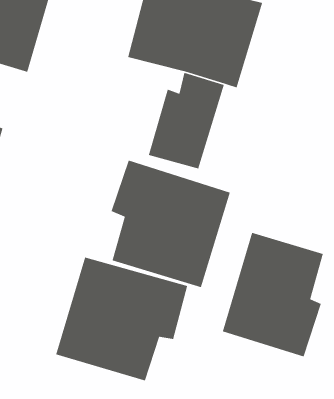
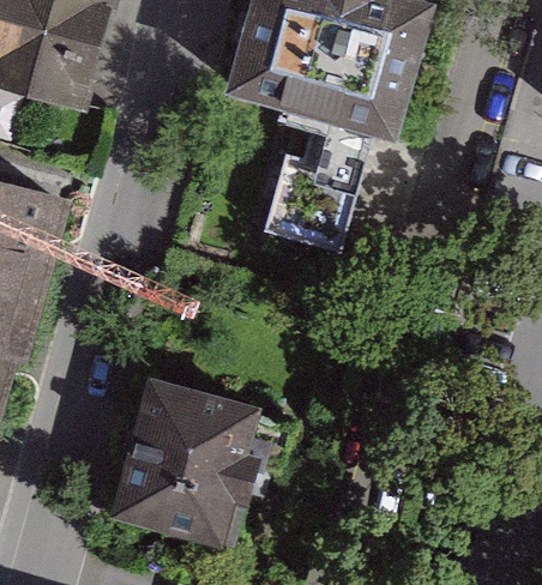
building: [111,160,231,288] -> none
building: [222,232,324,358] -> none

